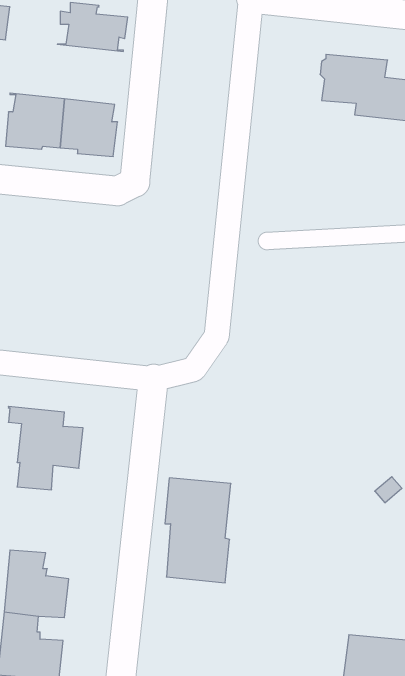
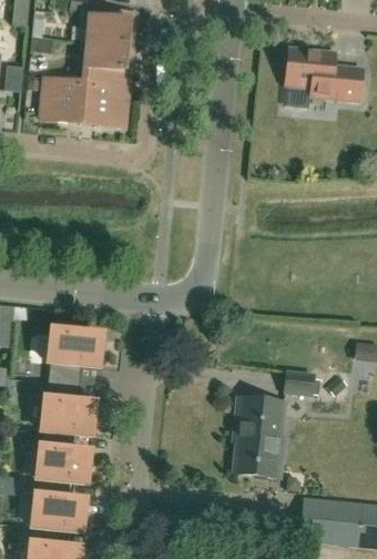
building: none -> [42,41,130,88]
building: none -> [281,372,312,394]
building: [165,478,231,583] -> [233,397,284,478]
building: none -> [42,383,92,436]

